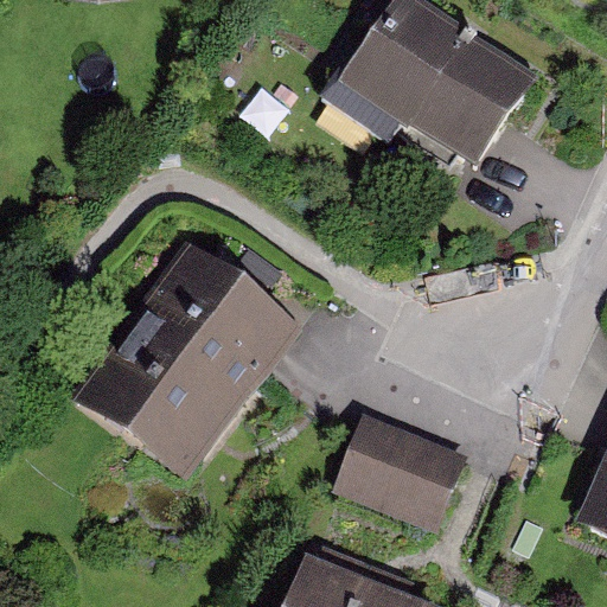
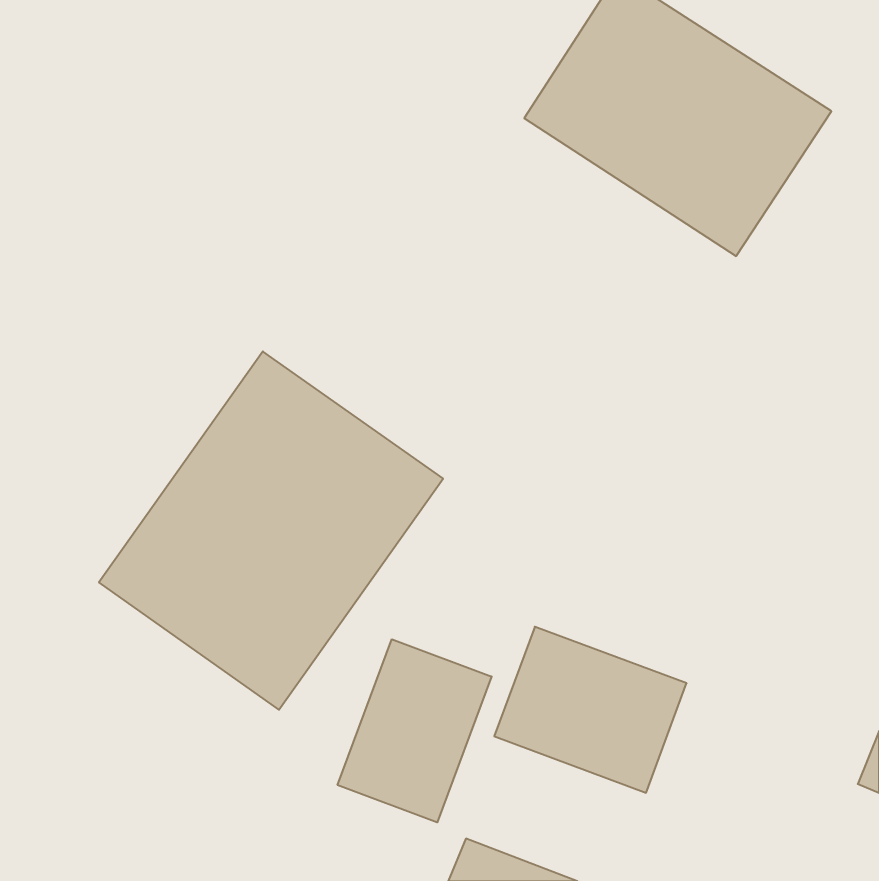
building: none -> [338,639,492,822]

